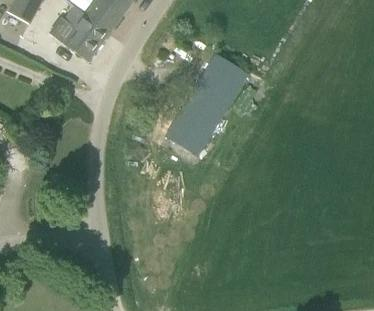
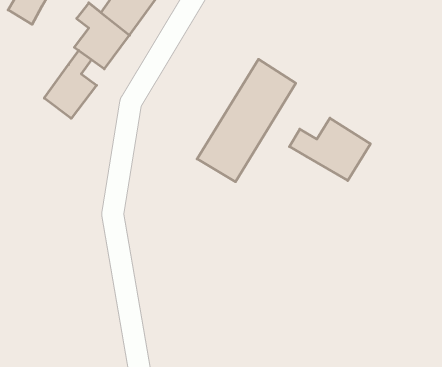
building: none -> [44,50,97,118]
building: none -> [289,118,370,181]

